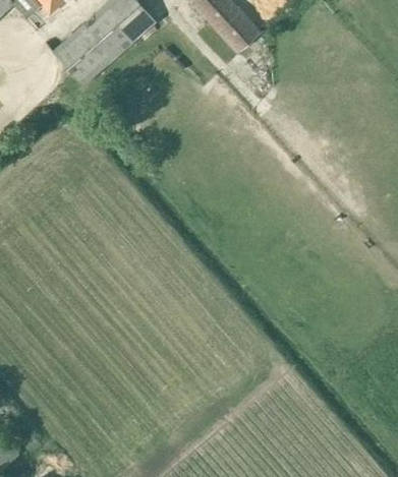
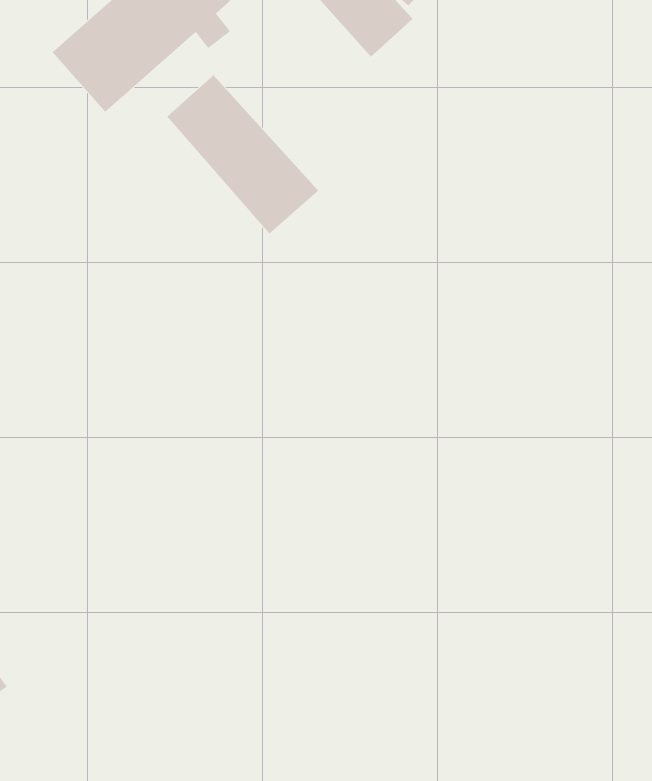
building: none -> [166,75,319,235]

